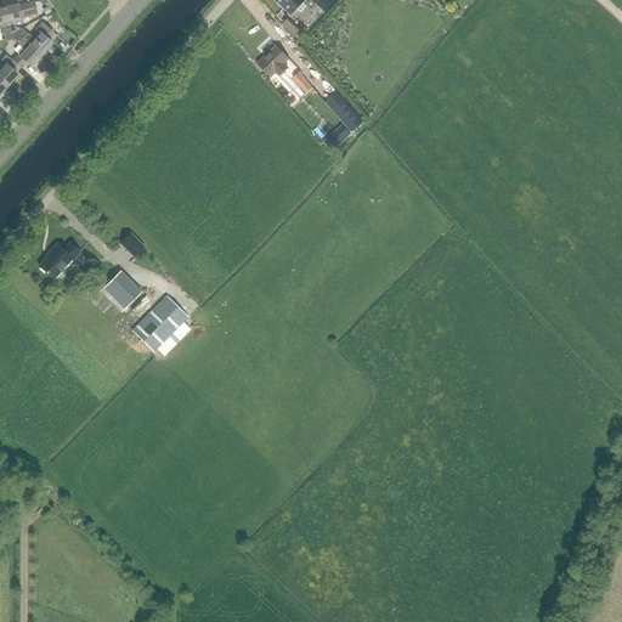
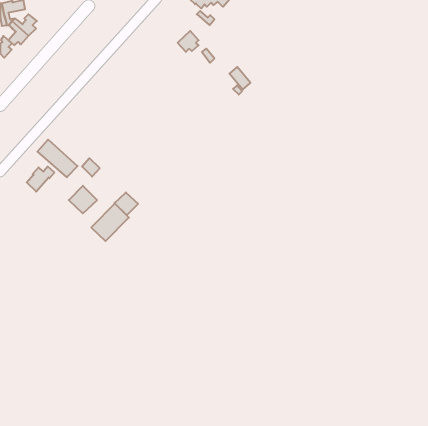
building: none -> [37,140,78,177]
building: none -> [114,192,138,215]

